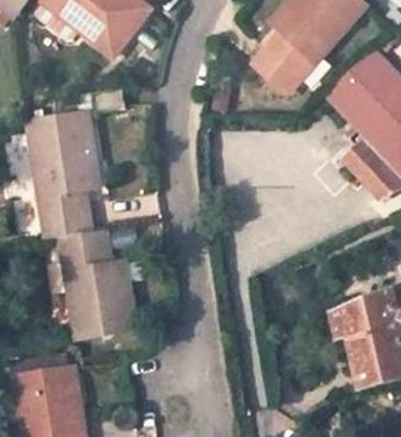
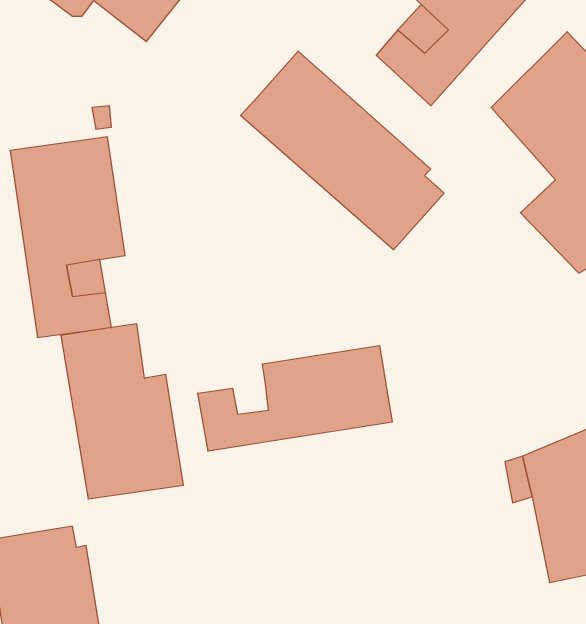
building: none -> [241,51,444,250]
building: none -> [198,346,392,451]

